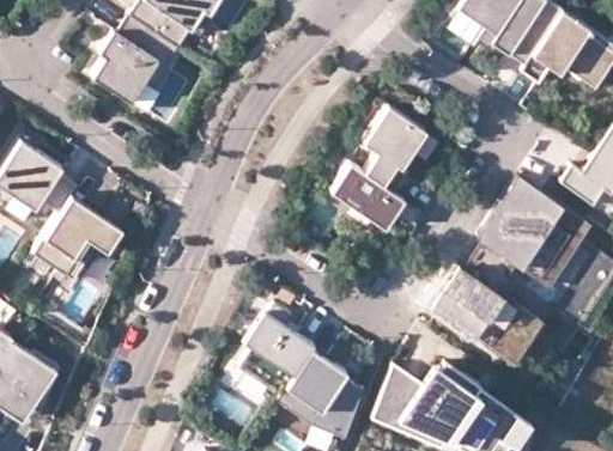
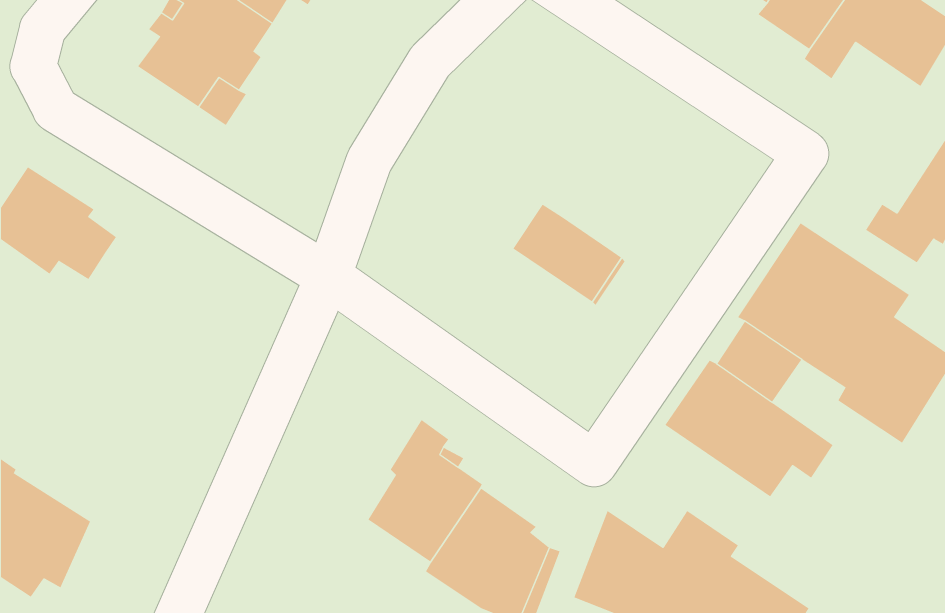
building: [364,106,427,193] -> none
building: [32,196,122,280] -> none

